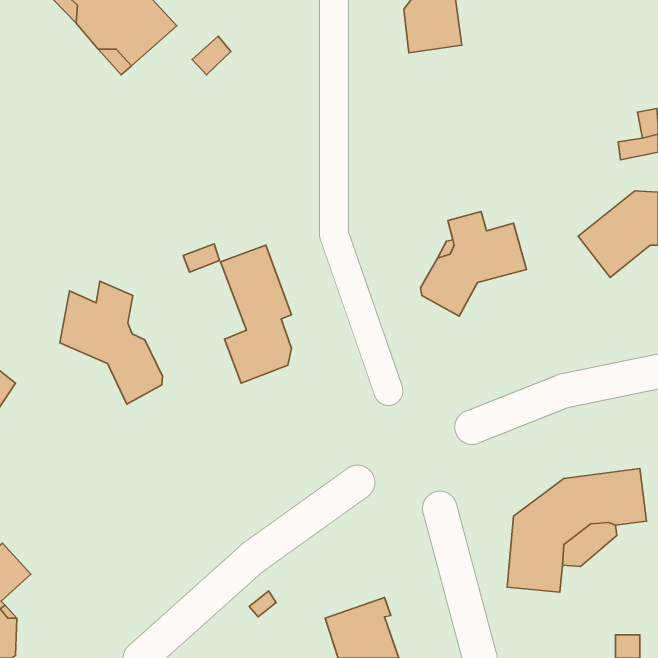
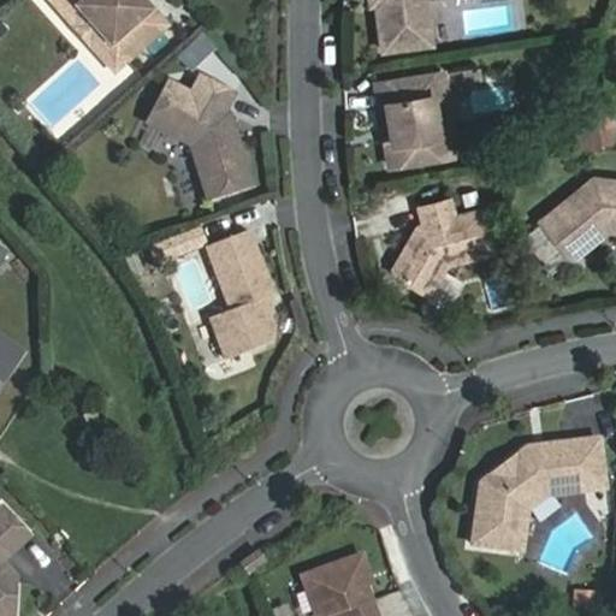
building: none -> [375,72,450,165]
building: none -> [146,76,249,197]
building: [60,281,163,404] -> none

